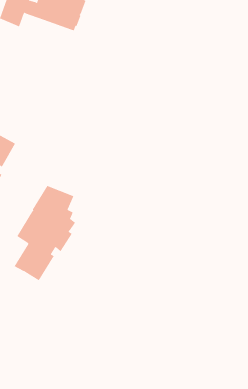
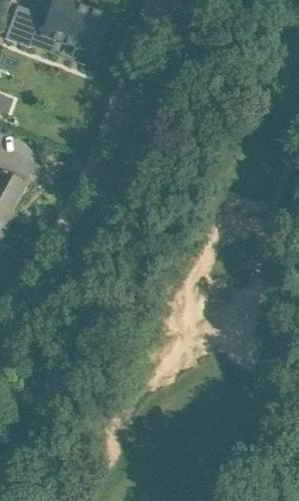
building: [14,185,76,281] -> none

